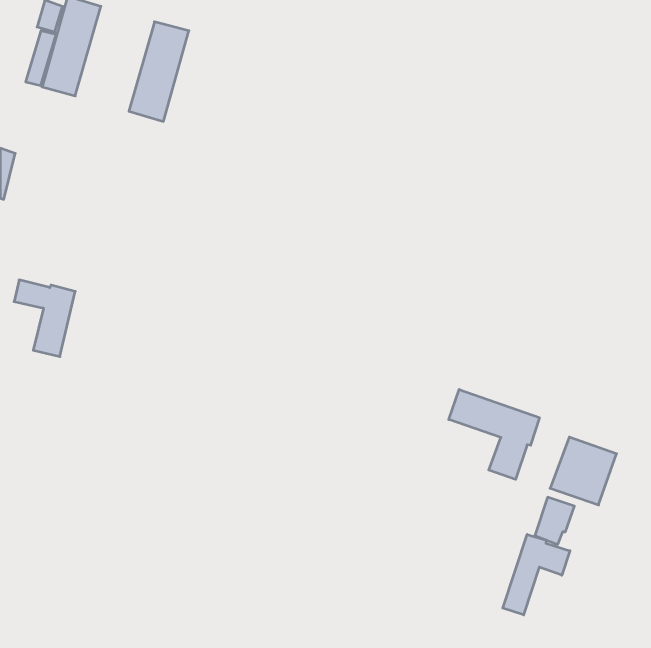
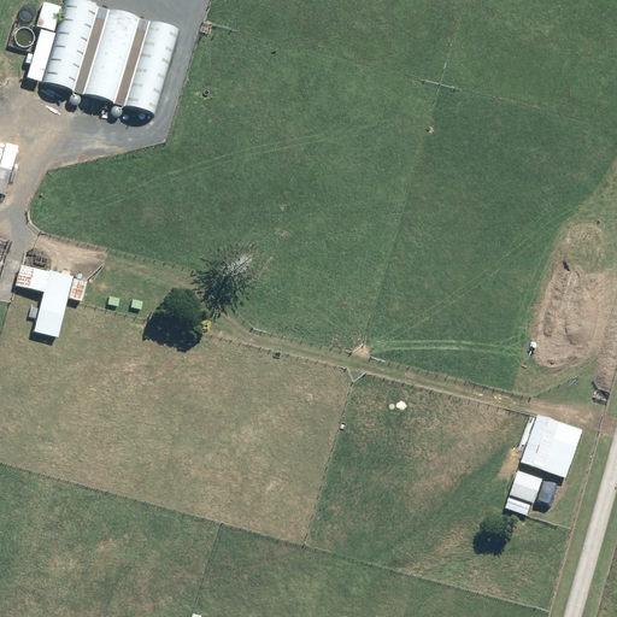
building: none -> [82,8,137,101]
building: [449,389,539,479] -> none
building: [503,534,570,615] -> none

